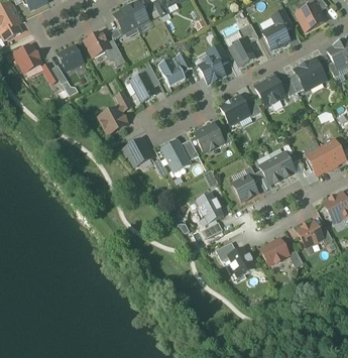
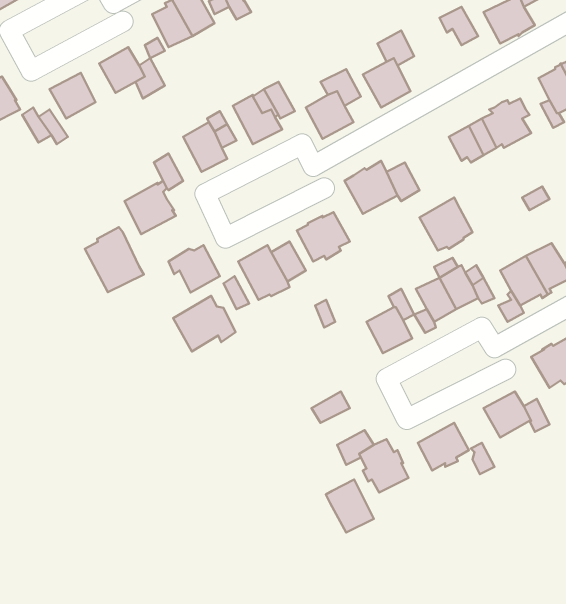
building: [262,22,288,48] -> none
building: [255,76,284,105] -> [419,197,473,251]
building: none -> [85,227,144,292]
building: none -> [173,296,235,352]
building: [196,193,224,224] -> none
building: none -> [326,479,374,532]

